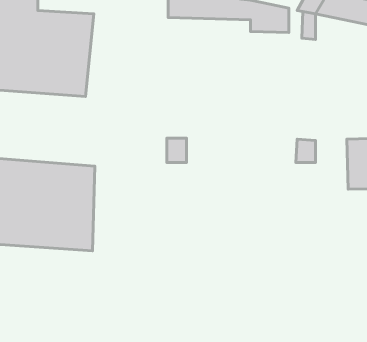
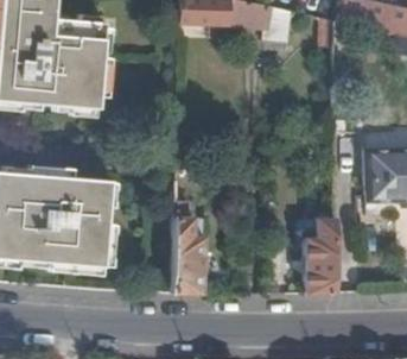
building: none -> [176,214,204,290]
building: none -> [306,218,336,291]

